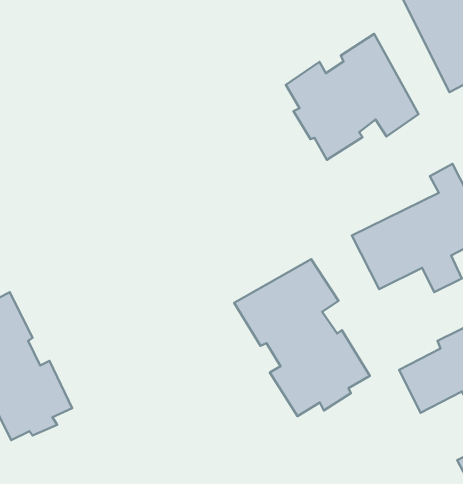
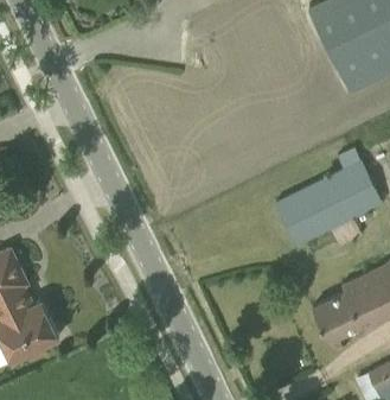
building: [286,34,419,160] -> none
building: [234,259,370,416] -> none

